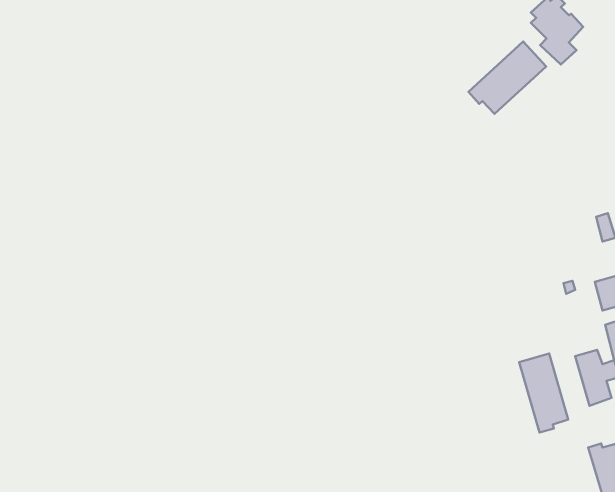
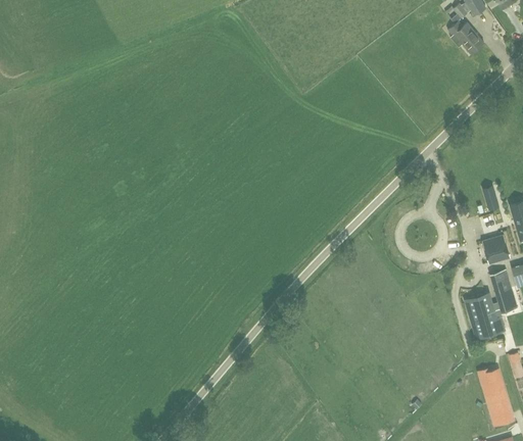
building: [468,42,546,114] -> none
building: [519,353,568,433] -> none

